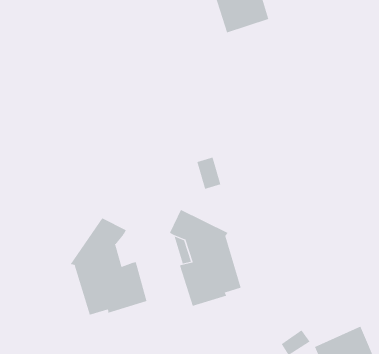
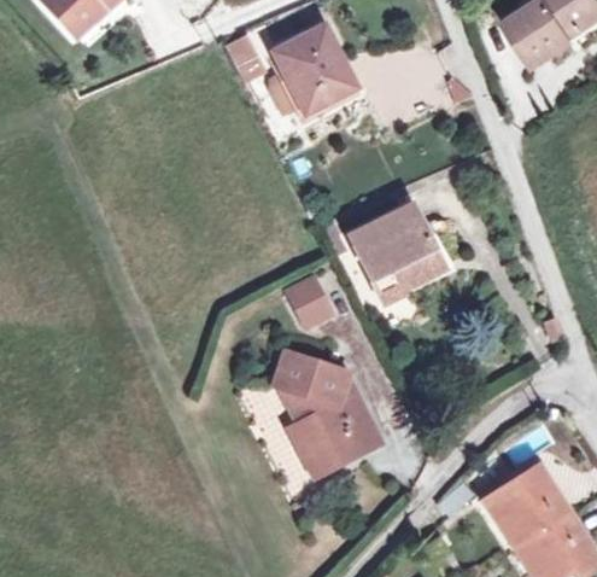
building: none -> [349,204,443,303]
building: [70,218,147,315] -> none

